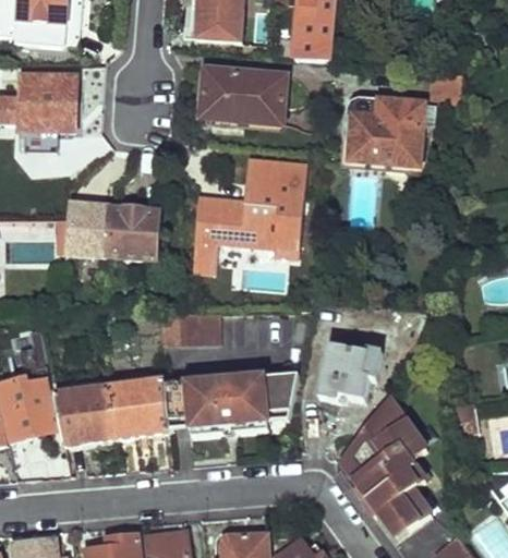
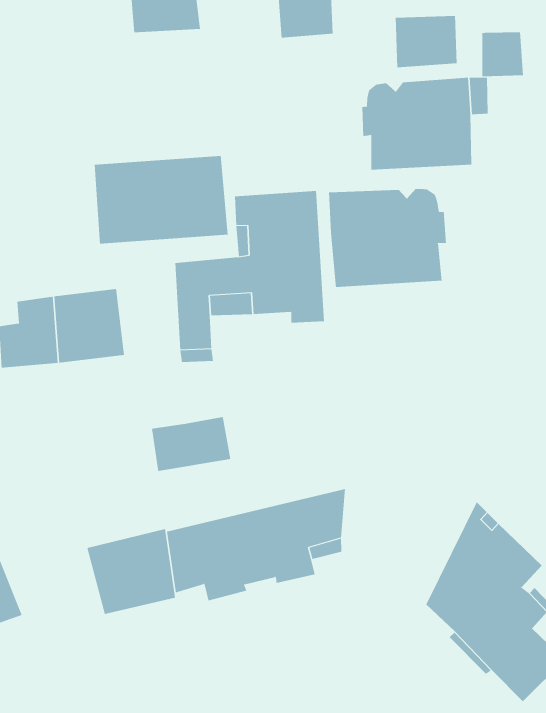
building: none -> [395,15,457,68]
building: [194,61,288,123] -> [94,156,228,244]
building: none -> [328,188,447,288]
building: [316,342,383,402] -> none
building: [55,388,116,442] -> none

